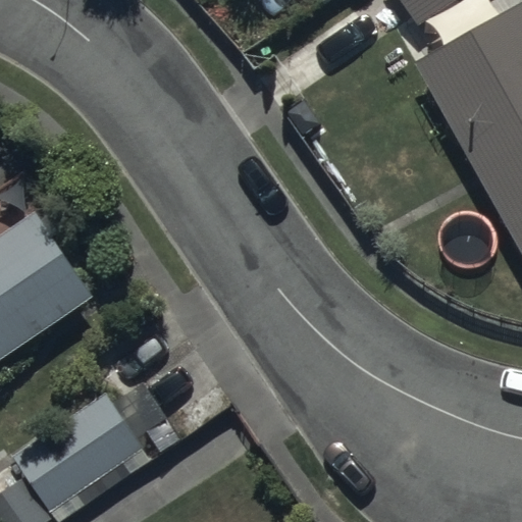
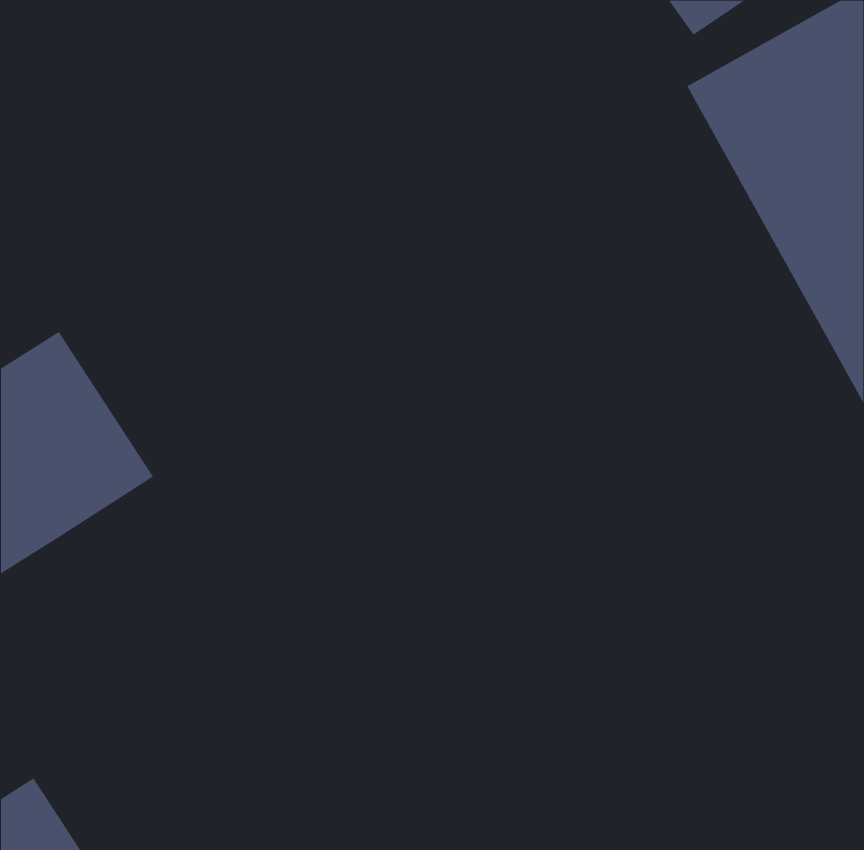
building: [13,392,149,514] -> none

